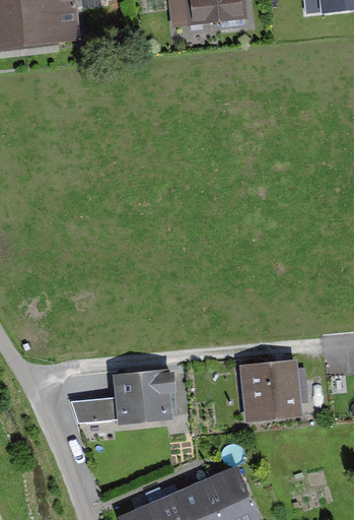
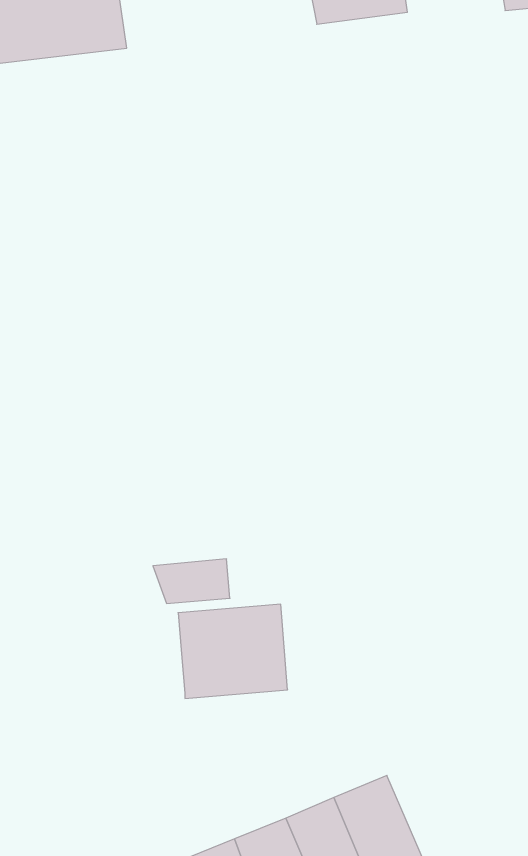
building: [239,361,301,422] -> none
building: [70,396,116,422] -> [153,559,230,603]

